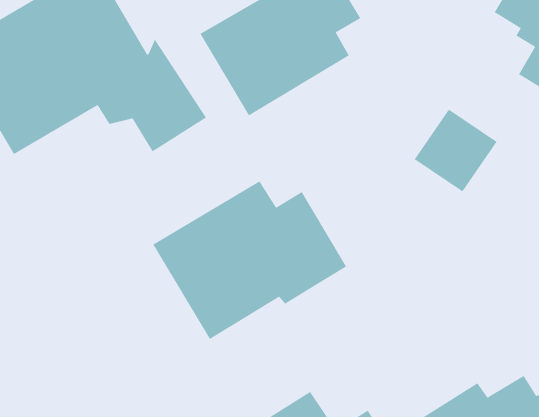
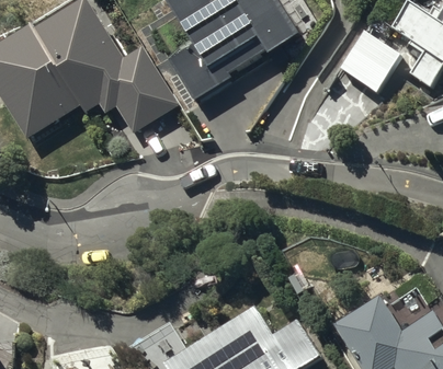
building: [414,109,498,192] -> [339,25,402,89]
building: [153,181,347,340] -> none

